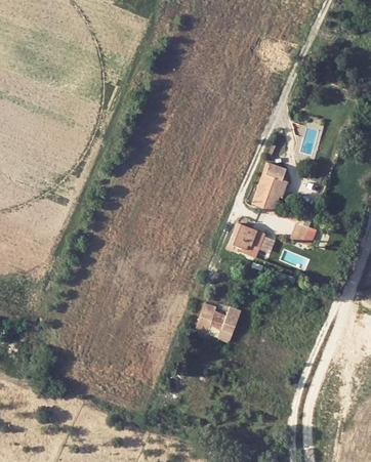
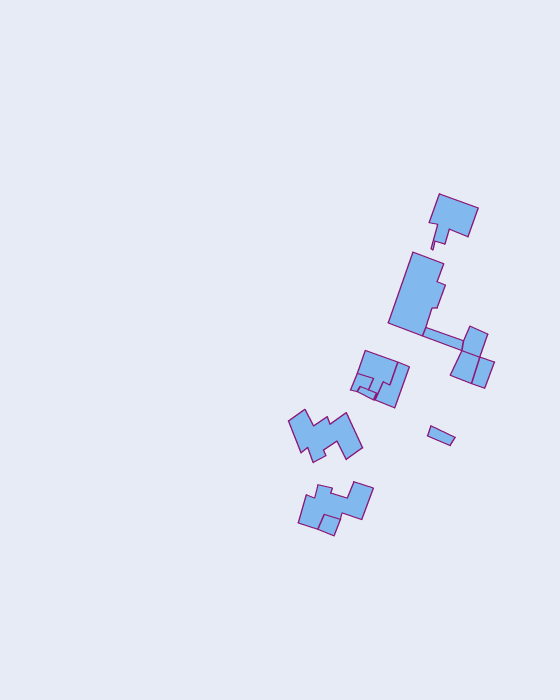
building: none -> [429,194,478,250]
building: none -> [288,409,363,463]

